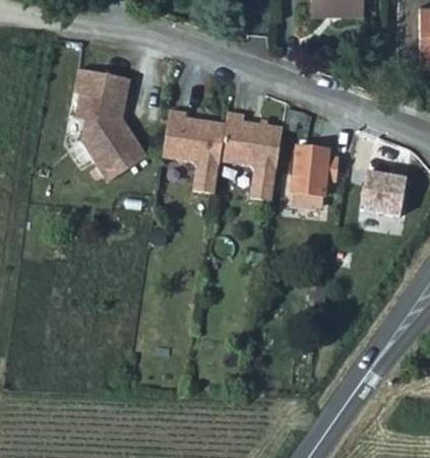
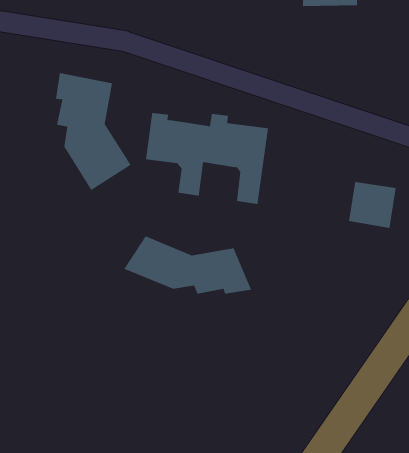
building: [292,145,336,205] -> none
building: none -> [123,235,252,295]

